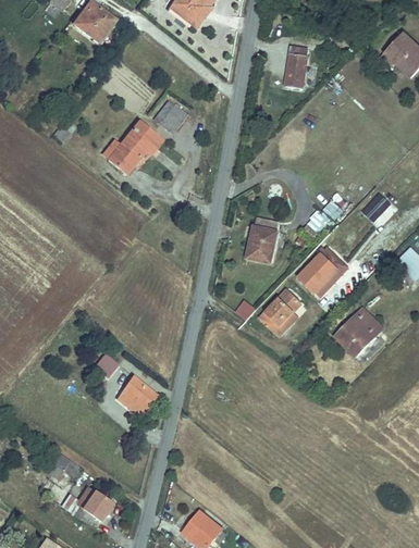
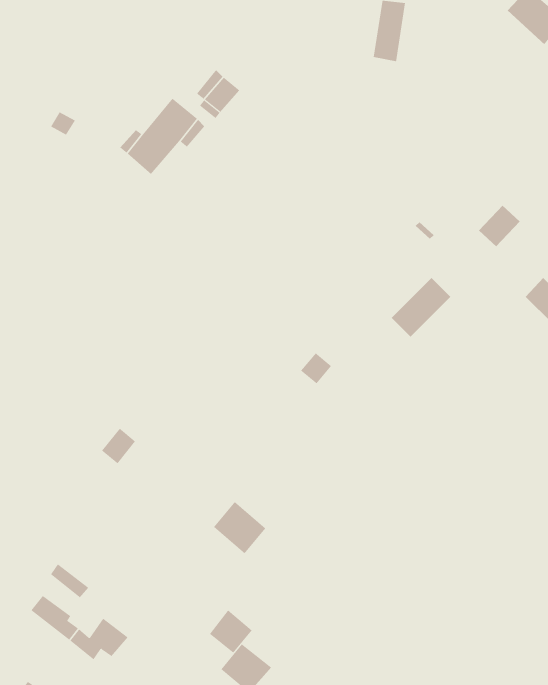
building: [246,222,276,259] -> none
building: [259,286,303,328] -> none
building: [334,308,383,357] -> none
building: [115,375,153,413] -> [213,501,266,554]
building: none -> [209,609,253,654]

